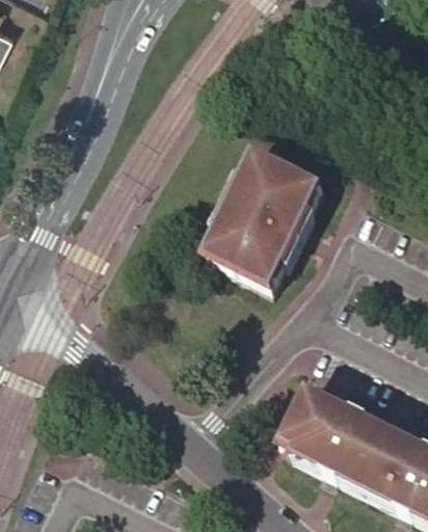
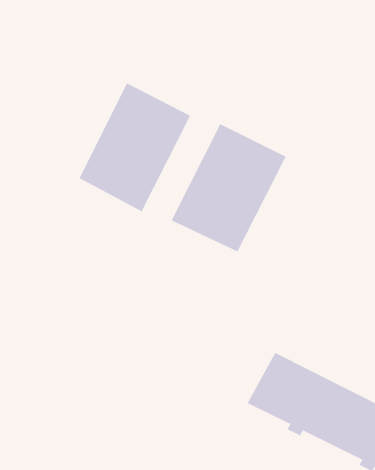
building: none -> [79,82,191,212]

